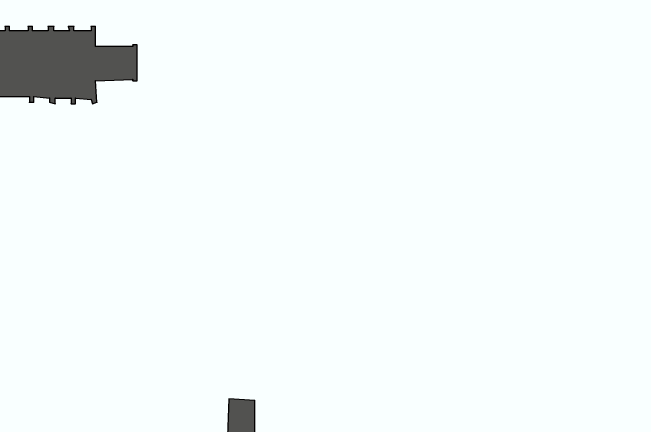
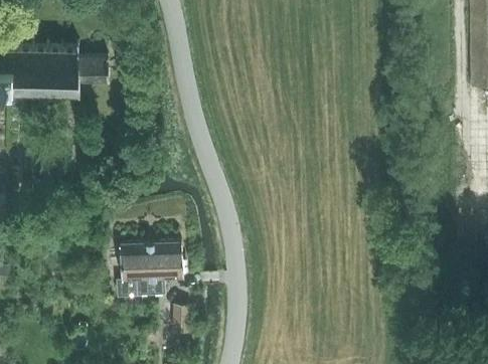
building: none -> [117,243,181,297]

